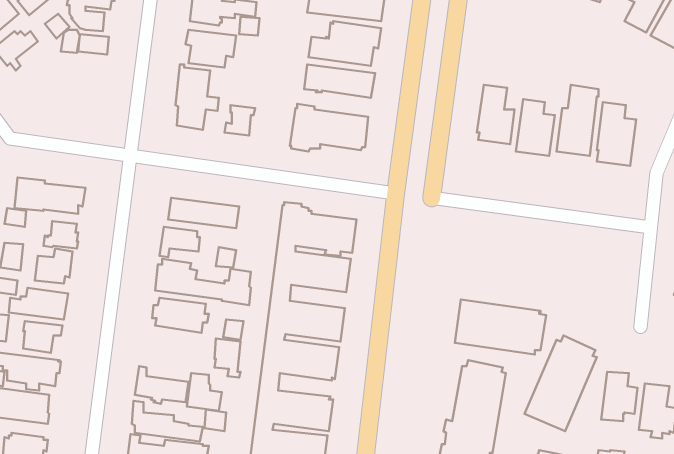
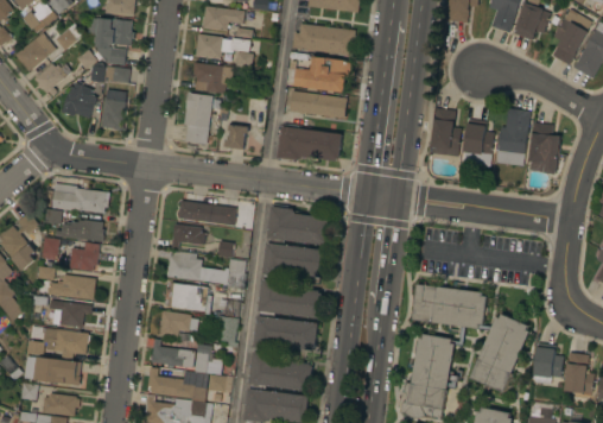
building: none -> [62,81,96,119]
building: none -> [101,94,126,130]
building: none -> [158,311,191,337]

